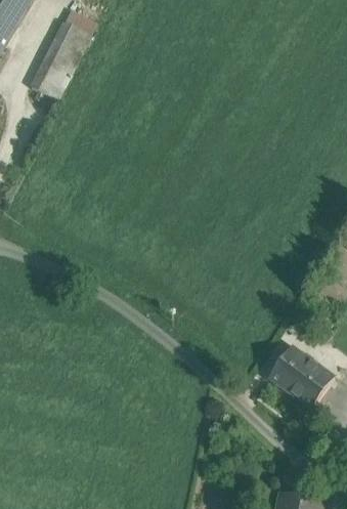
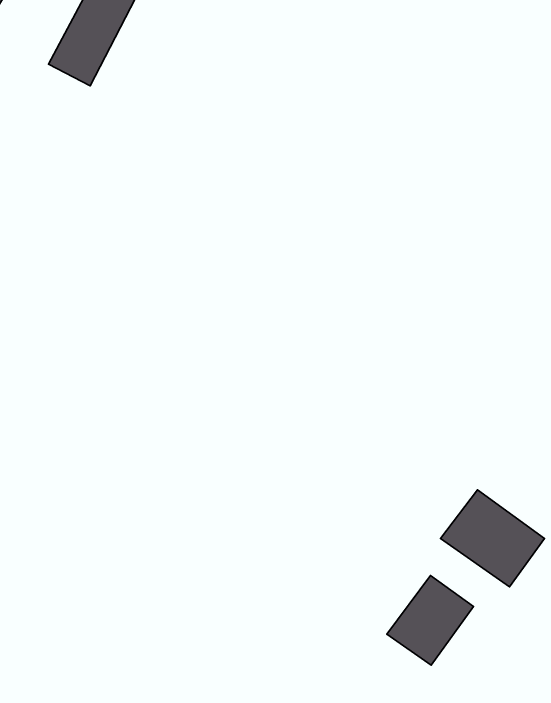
building: none -> [387,575,474,665]

